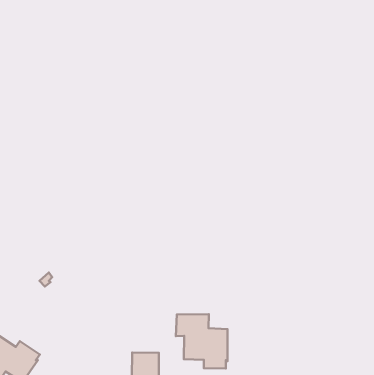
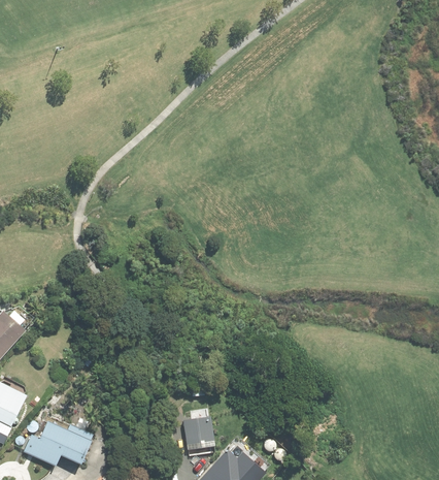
building: [176,314,228,368] -> none

